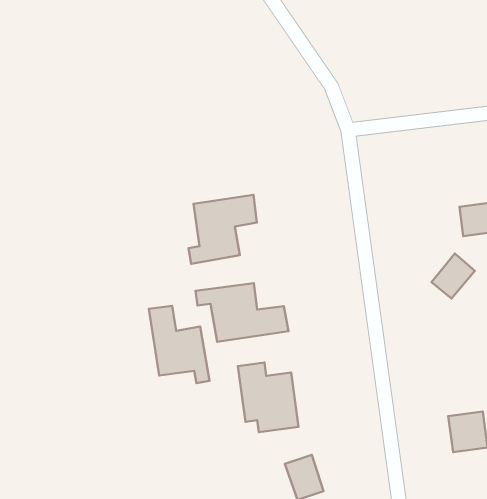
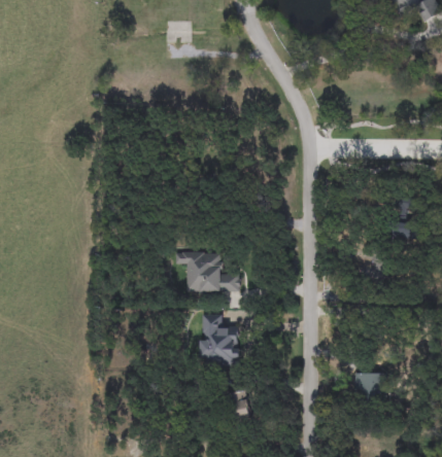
building: [189,195,257,264] -> none
building: [149,306,210,383] -> none

